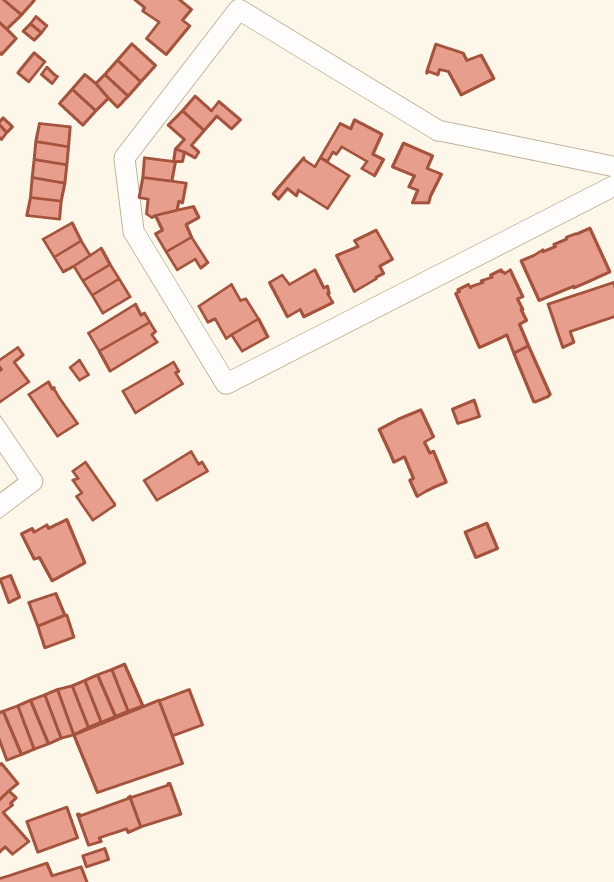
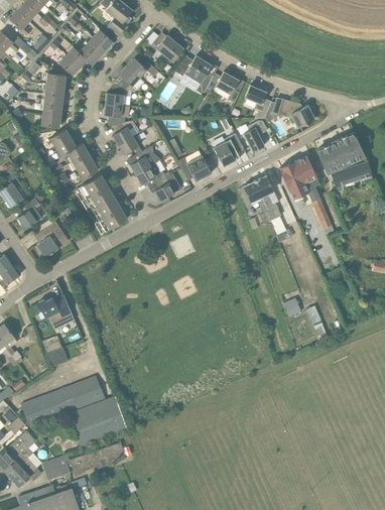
building: [427,44,494,95] -> [277,100,314,128]
building: none -> [150,32,183,62]
building: [273,158,349,208] -> [169,55,212,84]
building: none -> [242,121,264,152]
building: none -> [130,145,160,175]
building: [379,410,446,497] -> [243,175,280,224]
building: [144,451,208,500] -> [87,196,122,223]
building: [73,462,115,520] -> [34,225,57,257]
building: [159,690,203,736] -> none

